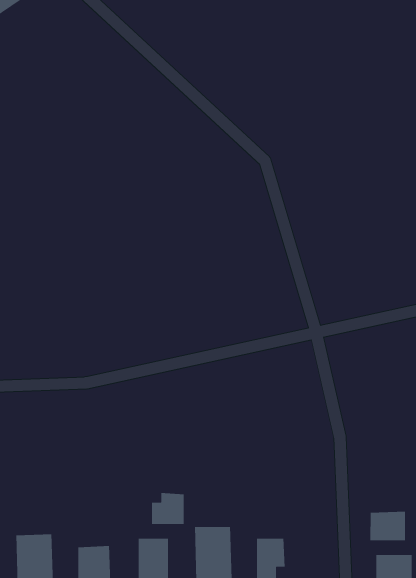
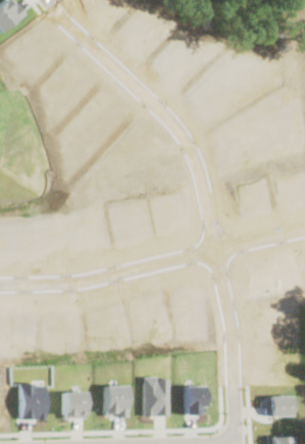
building: [151,492,185,525] -> none
building: [370,511,406,541] -> none

